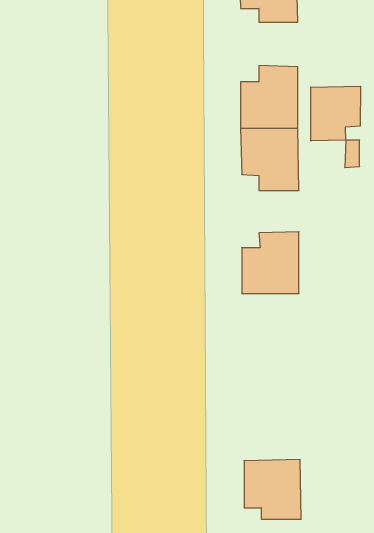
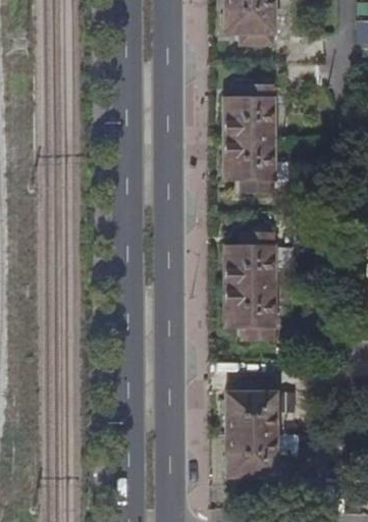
building: [311,86,360,141] -> none
building: none -> [226,286,278,340]
building: none -> [227,379,278,435]

